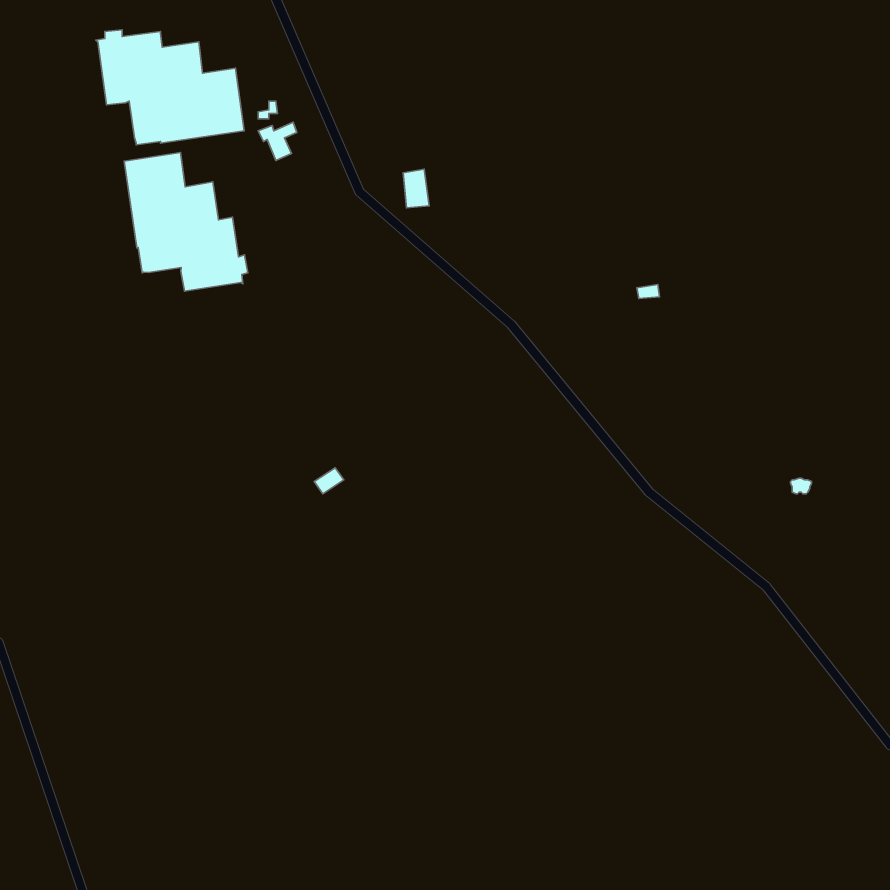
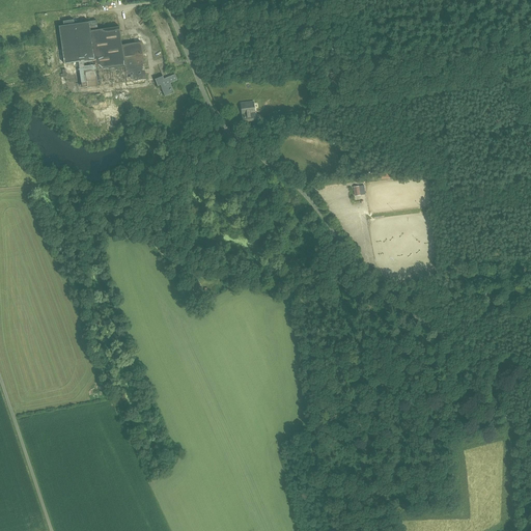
building: [124,153,248,291] -> none

